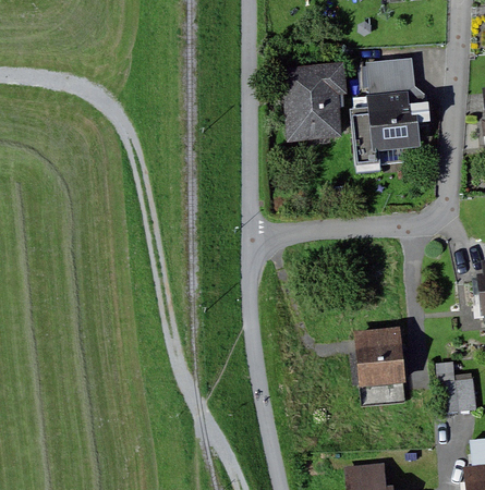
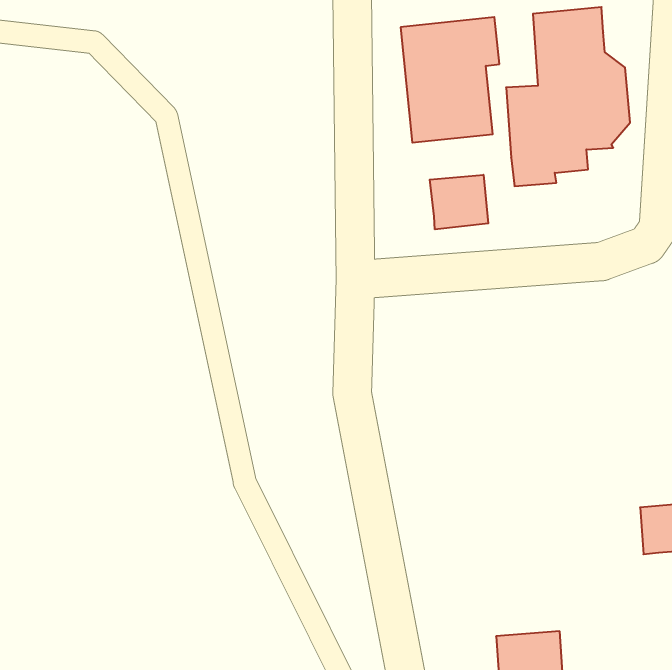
building: none -> [430,175,488,229]
building: [355,330,408,387] -> none

